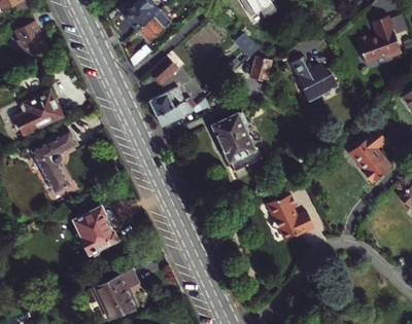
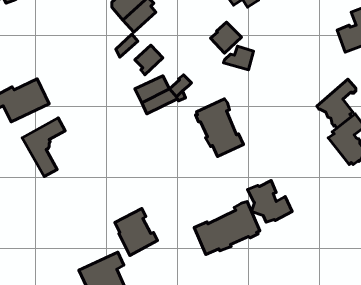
building: [14,21,46,59] -> none
building: [286,44,327,95] -> [317,79,356,128]
building: [73,206,117,254] -> [115,209,158,255]
building: none -> [194,202,260,255]

